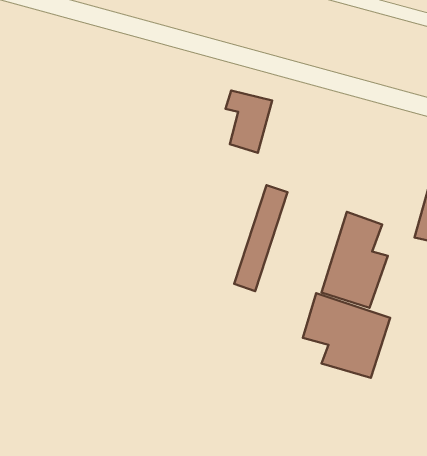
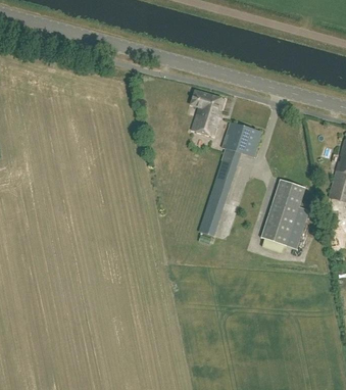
building: none -> [224,124,261,156]
building: [303,293,390,378] -> none

